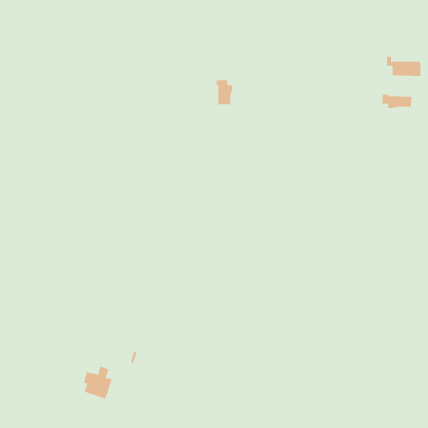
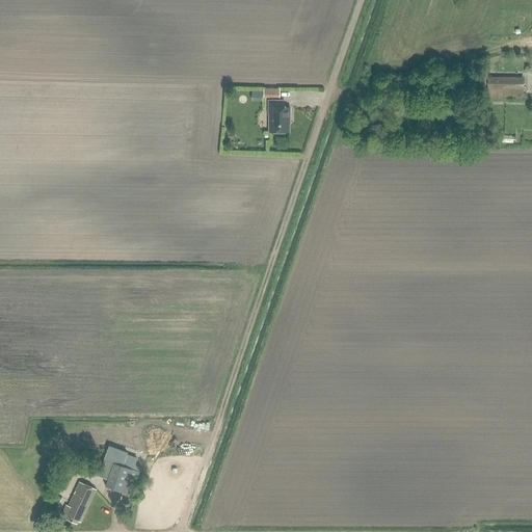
building: [382,94,412,109] -> none
building: none -> [61,480,95,523]

